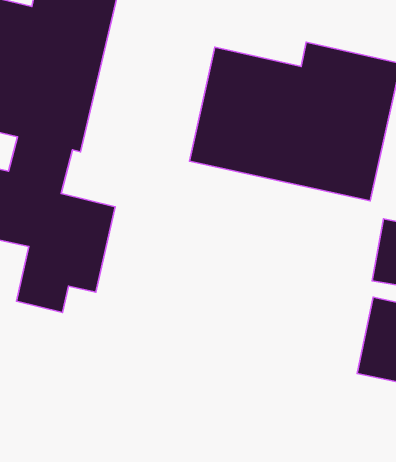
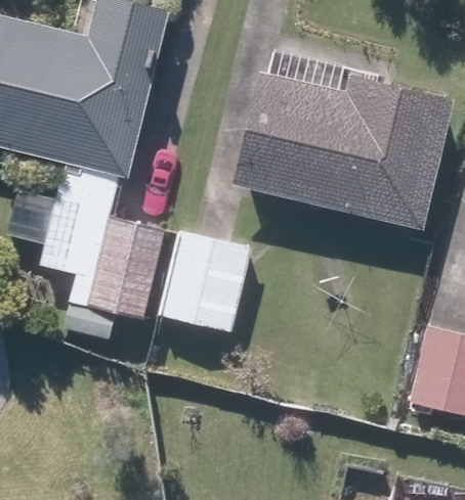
building: none -> [157,230,252,332]

